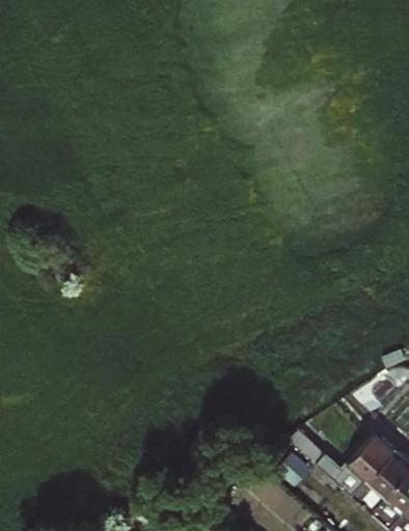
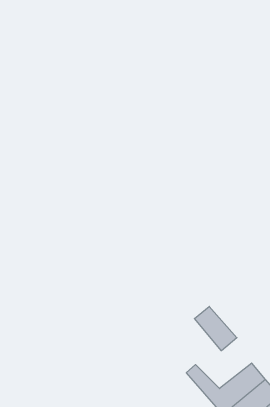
building: none -> [194,306,237,351]

